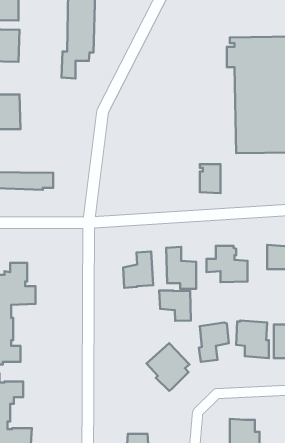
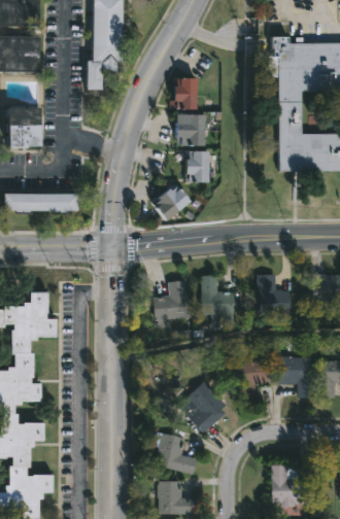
building: none -> [171,77,198,109]
building: none -> [177,113,218,145]
building: [200,164,221,193] -> [186,150,209,182]
building: none -> [158,185,190,219]
building: [159,290,191,321] -> none
building: none -> [152,431,199,474]

